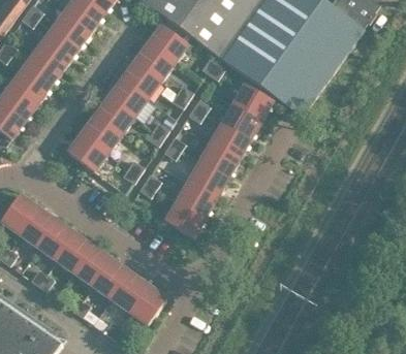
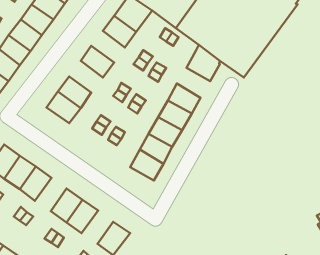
building: [121,61,160,98] -> none
building: [95,96,134,133] -> none
building: [221,104,260,139] -> none
building: [55,233,92,272] -> none
building: [110,271,147,311] -> none

